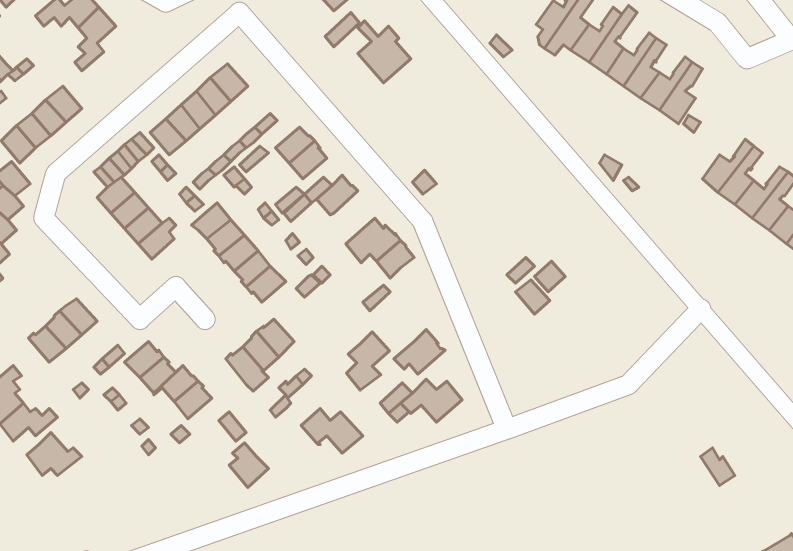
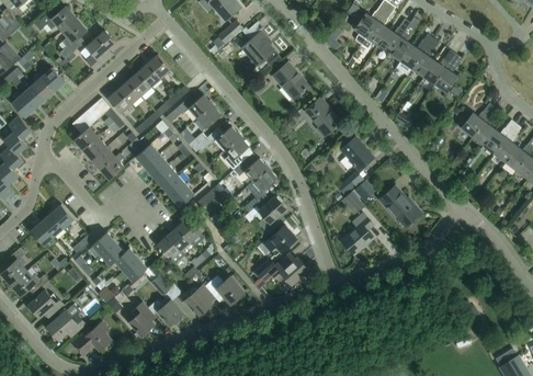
building: none -> [86,30,115,69]
building: none -> [271,60,309,99]
building: none -> [305,99,340,136]
building: none -> [224,135,251,169]
building: none -> [340,136,373,170]
building: none -> [378,185,421,226]
building: none -> [341,213,373,253]
building: [347,332,389,390] -> [258,195,285,232]
building: none -> [185,284,214,315]
building: none -> [129,301,155,334]
building: none -> [47,304,84,339]
building: none -> [72,323,111,354]

